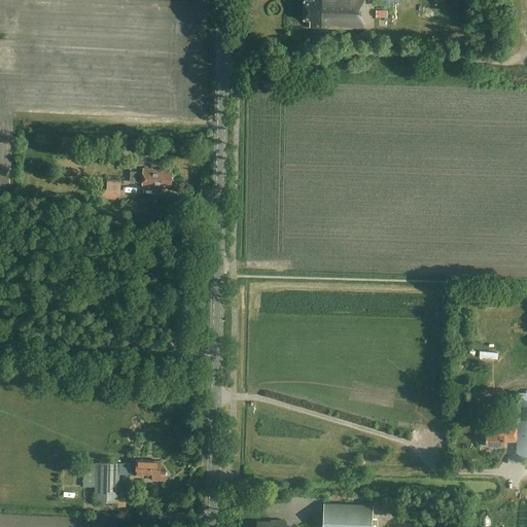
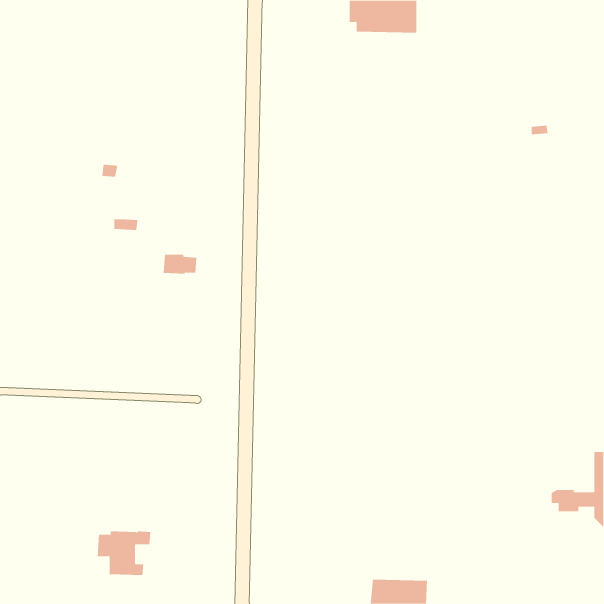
building: [142,169,172,186] -> [163,254,197,274]
building: [136,460,166,481] -> none

